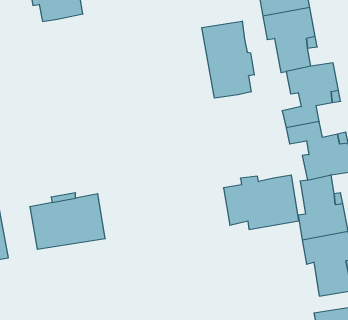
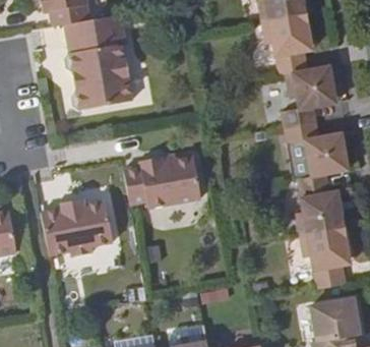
building: none -> [64,14,133,115]
building: [202,21,254,98] -> none
building: [223,175,299,229] -> [124,157,196,209]

